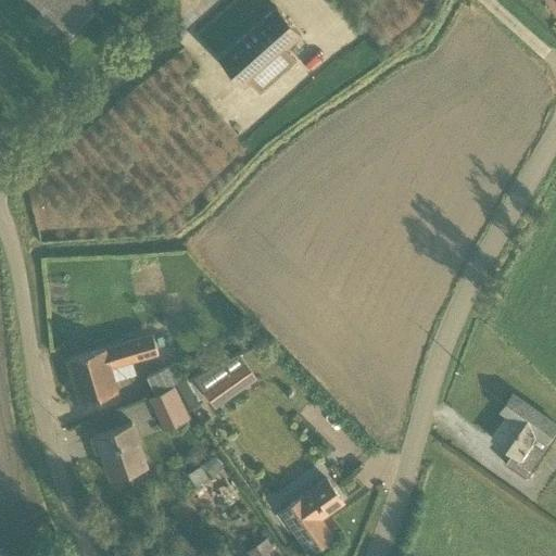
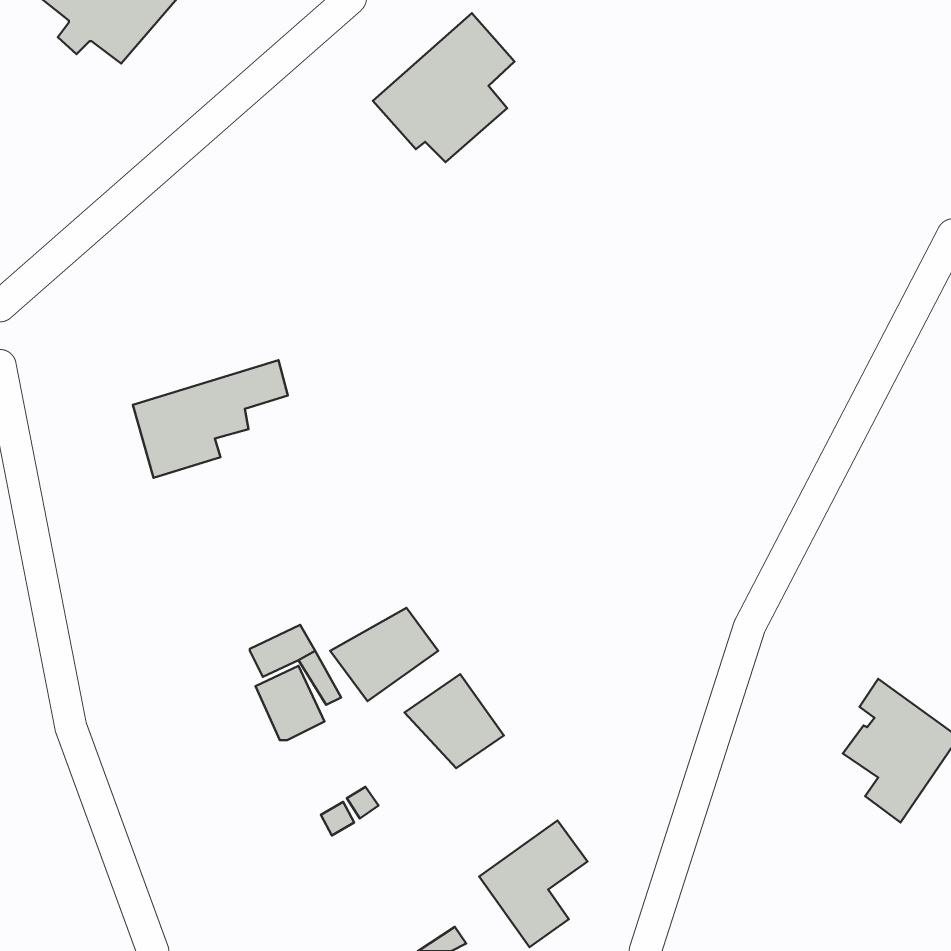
building: [67,336,157,404] -> [133,360,288,478]
building: none -> [404,674,504,768]
building: [91,425,148,480] -> none

